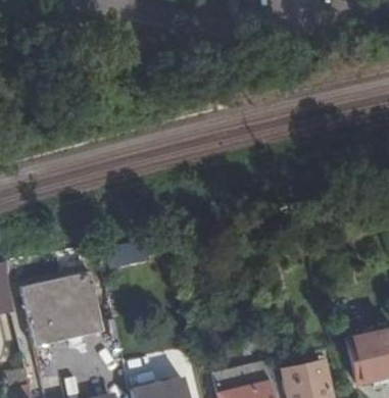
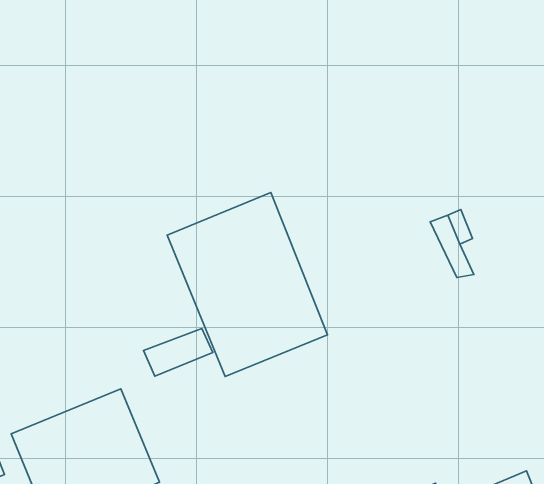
building: none -> [167,192,328,377]

